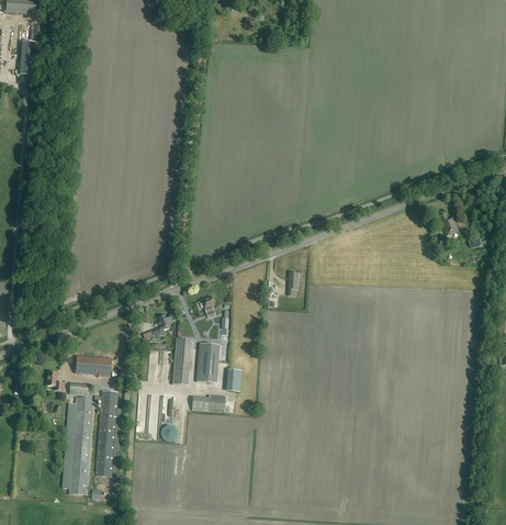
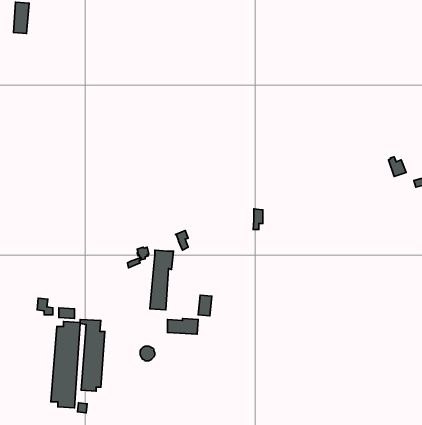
building: [196,343,220,382] -> none
building: [76,355,112,378] -> none

